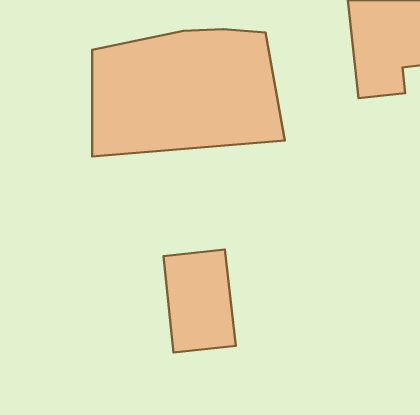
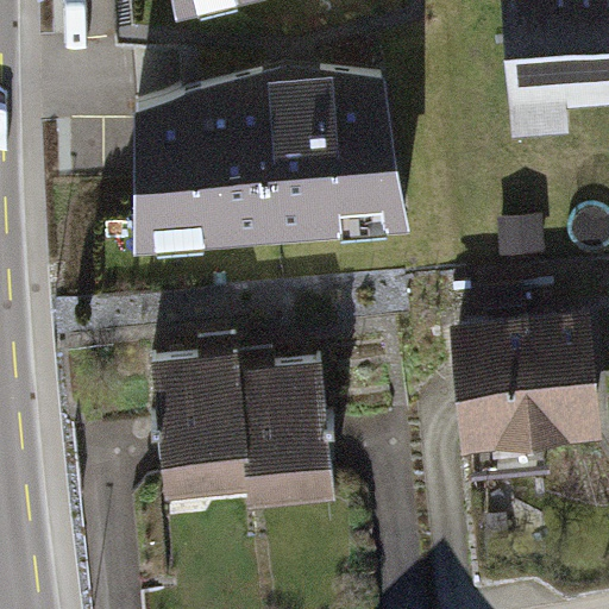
building: none -> [441,321,591,481]
building: none -> [149,357,252,506]

